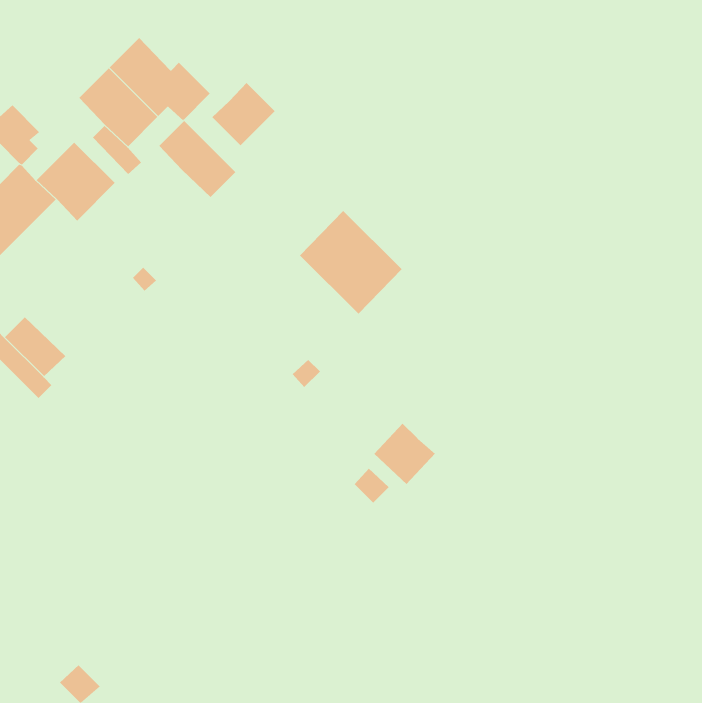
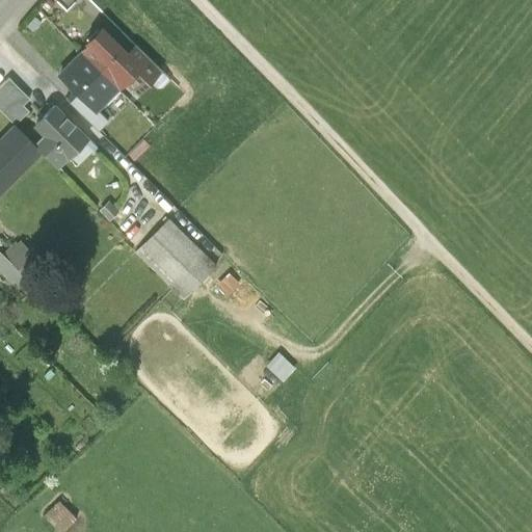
building: [211,82,275,146] -> none
building: [158,120,236,198] -> none
building: [299,210,402,315] -> [136,220,214,299]
building: [373,423,436,485] -> none

